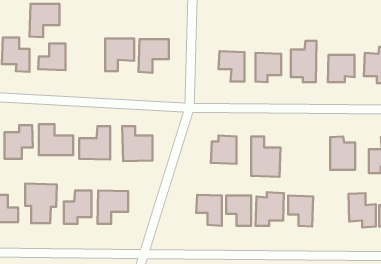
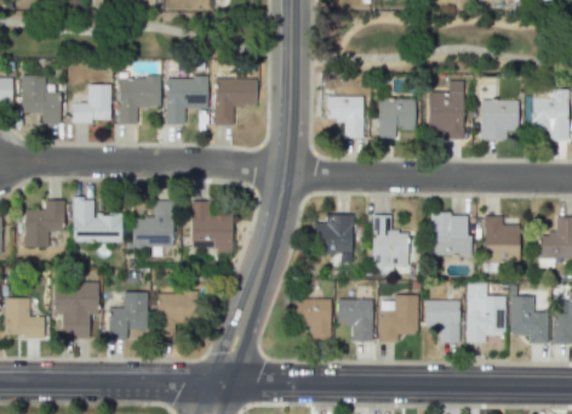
building: [30,4,60,37] -> [119,76,161,124]
building: none -> [431,212,470,255]
building: none -> [467,282,505,342]

